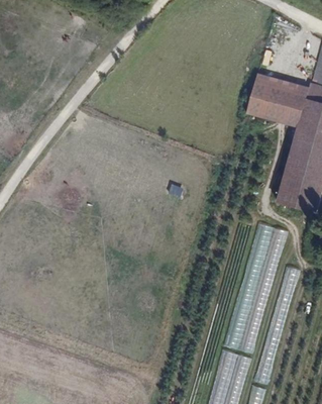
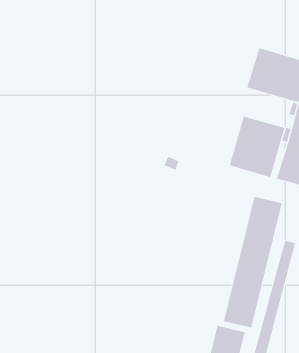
building: none -> [229,116,285,178]

